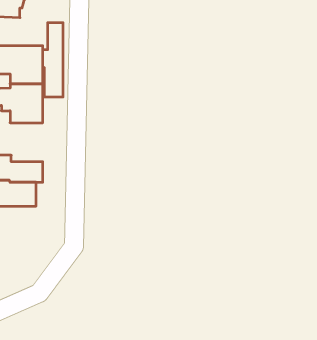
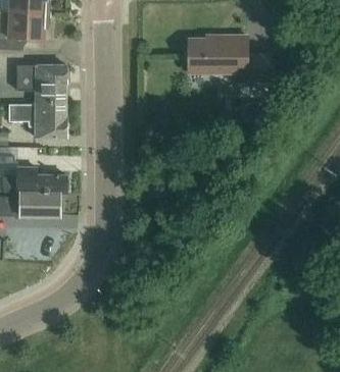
building: none -> [188,35,263,81]
building: [43,23,63,97] -> none

